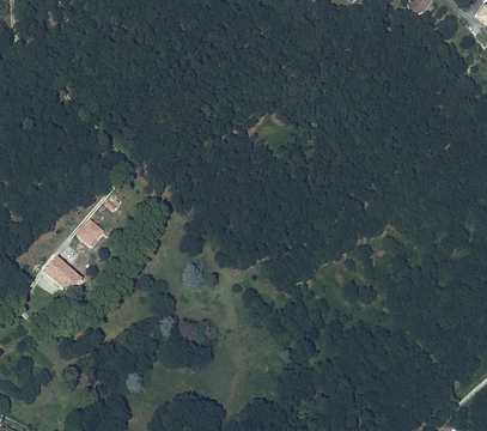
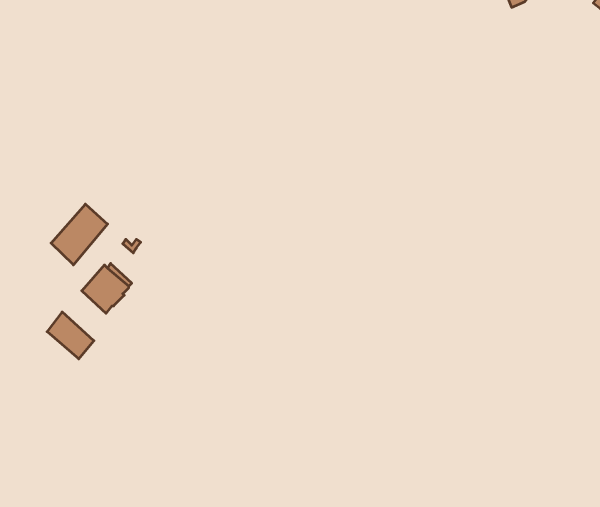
building: none -> [51,204,108,265]

